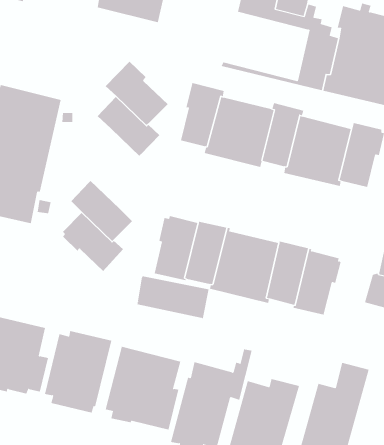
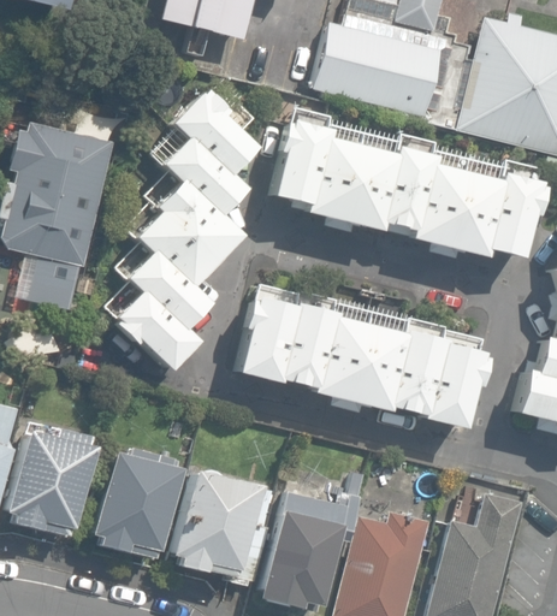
building: none -> [314,20,443,116]
building: none -> [135,179,242,285]
building: [137,275,209,319] -> none

